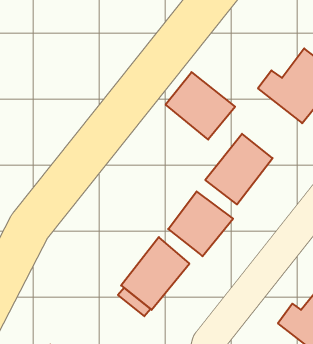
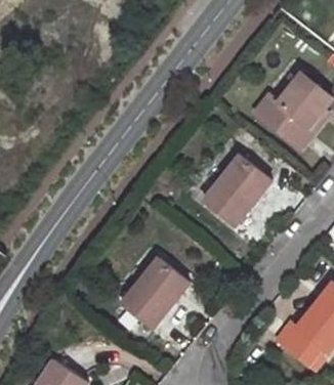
building: [166,72,235,140] -> none
building: [168,191,233,256] -> none

